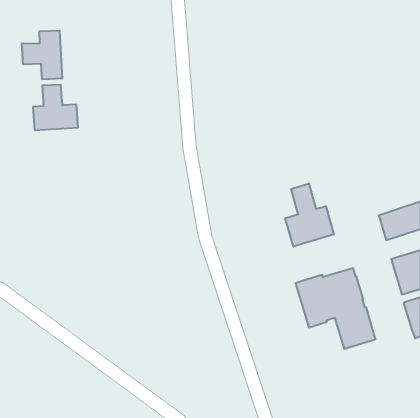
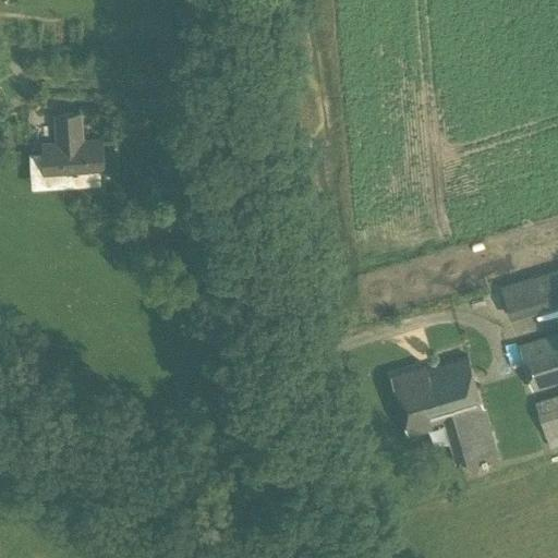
building: [22,30,62,79] -> none
building: [285,183,334,247] -> none

